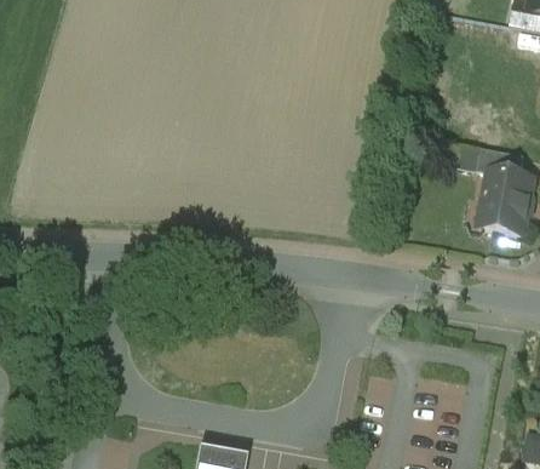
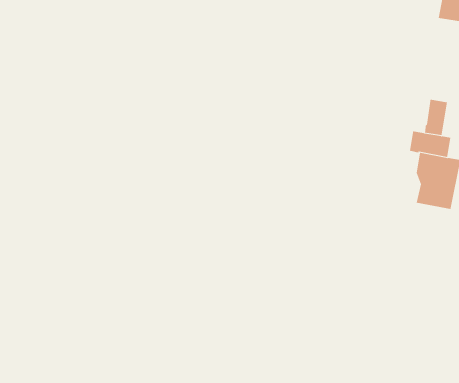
building: none -> [425,99,447,136]

